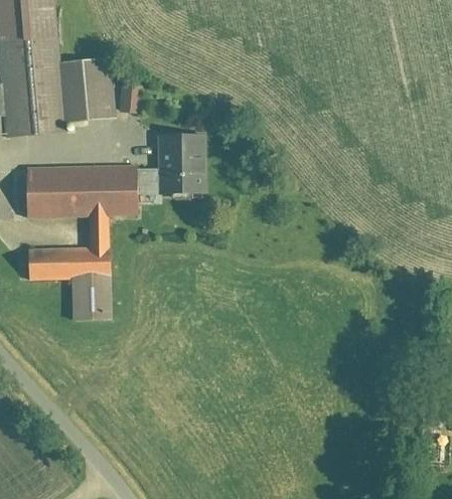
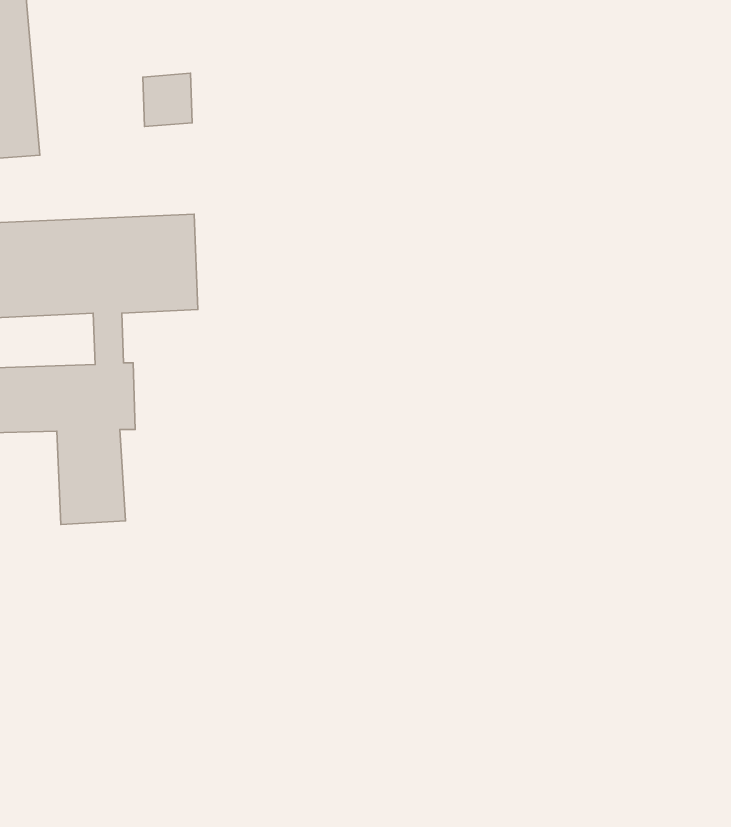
building: [57,60,110,125] -> none
building: [152,136,207,199] -> none

